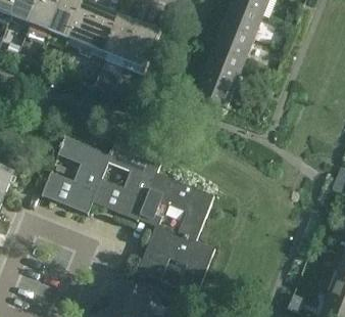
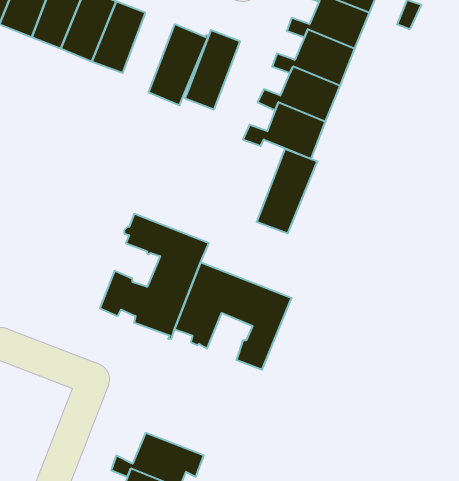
building: [105,15,140,65] -> [185,30,240,109]
building: none -> [257,149,317,233]
building: [41,135,111,215] -> none
building: [136,224,214,295] -> none

